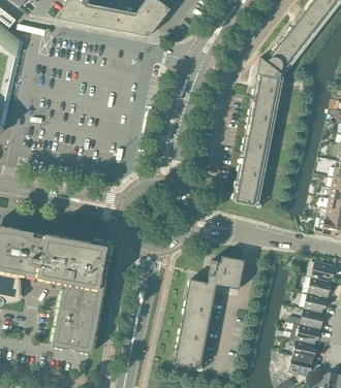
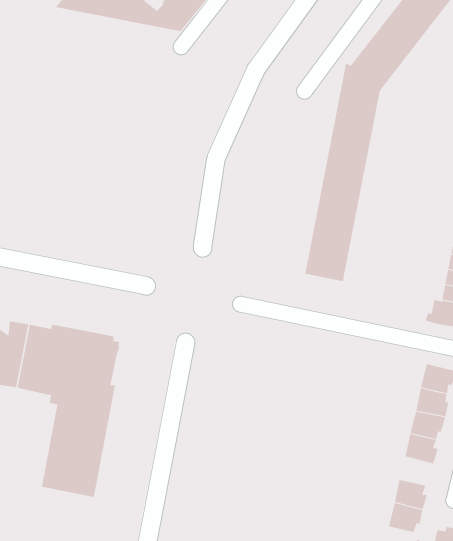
building: [173,256,244,369] -> none
building: [289,324,319,345] -> none

